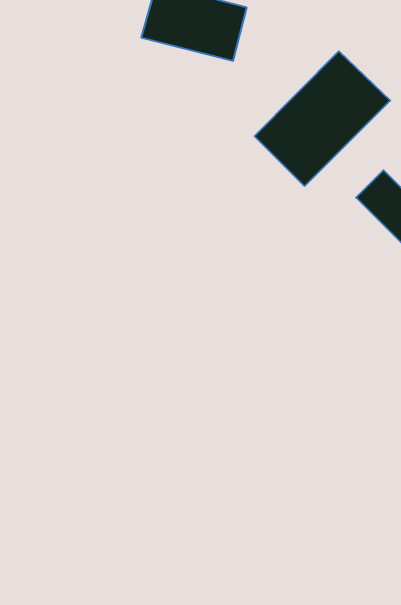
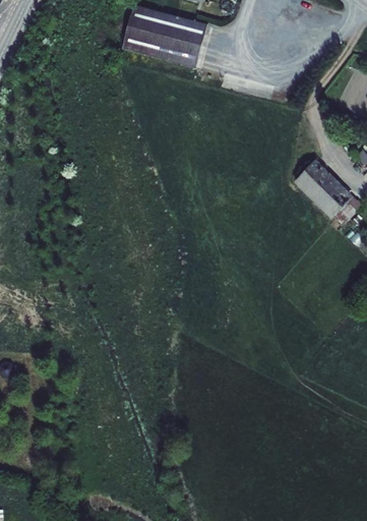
building: [255,51,390,186] -> none

